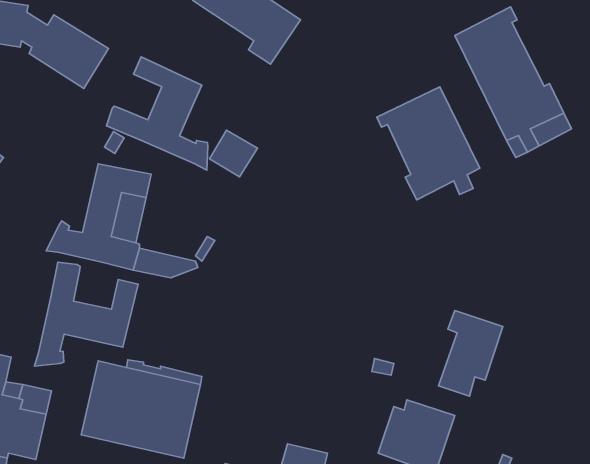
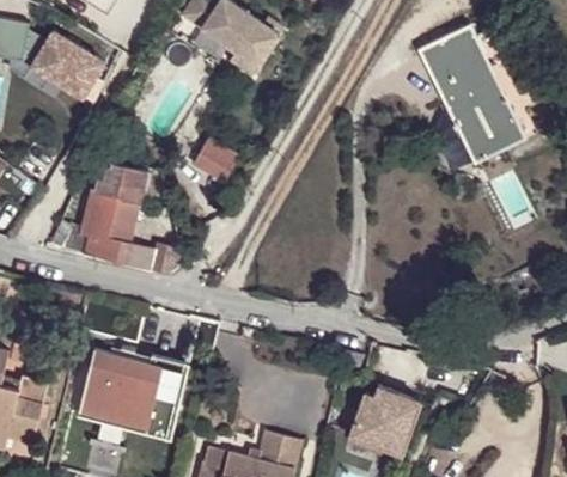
building: [106,57,208,170] -> none
building: [377,87,480,200] -> none
building: [35,262,138,366] -> none
building: [438,310,503,396] -> none

